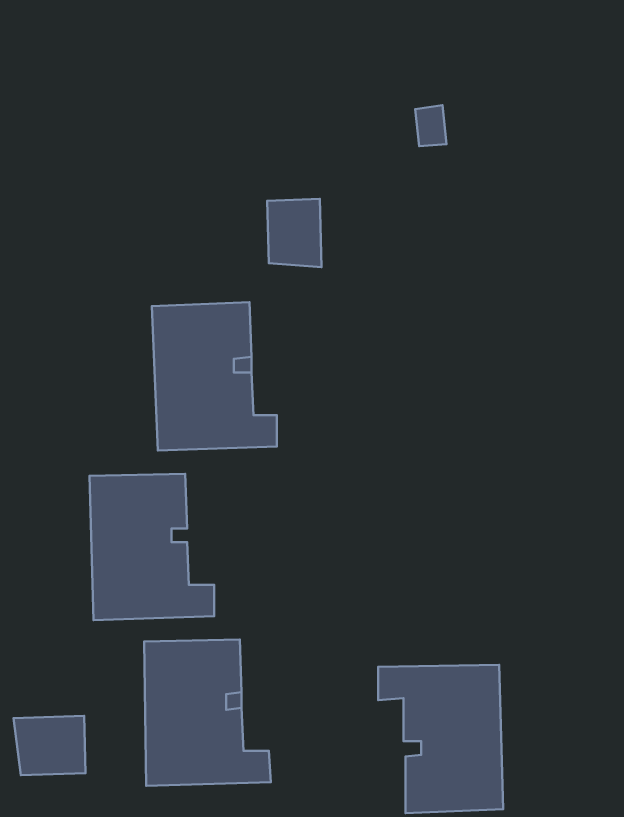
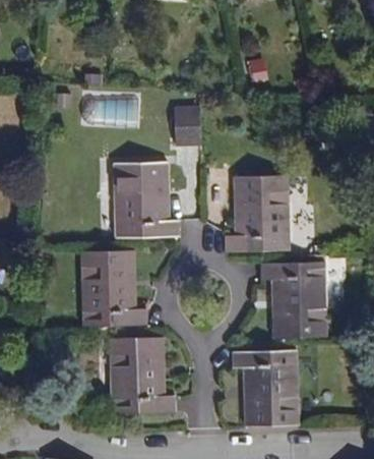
building: none -> [226,176,289,251]
building: none -> [261,262,325,338]
building: [14,716,85,775] -> none

